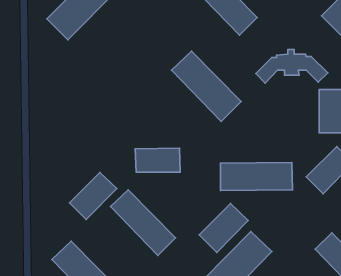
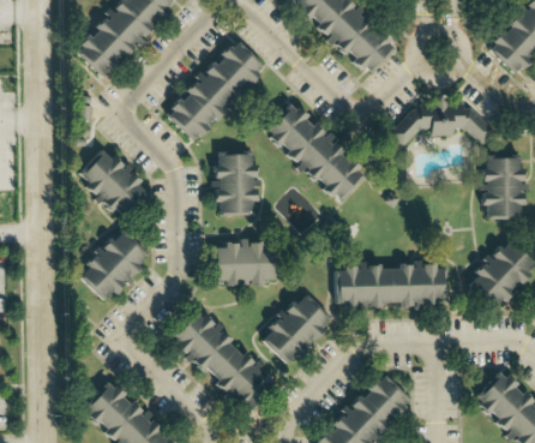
building: none -> [166,37,264,137]
building: none -> [82,149,146,214]
building: none -> [218,152,256,214]
building: [69,172,117,220] -> [79,228,150,299]
building: [199,204,248,252] -> [258,294,331,367]

